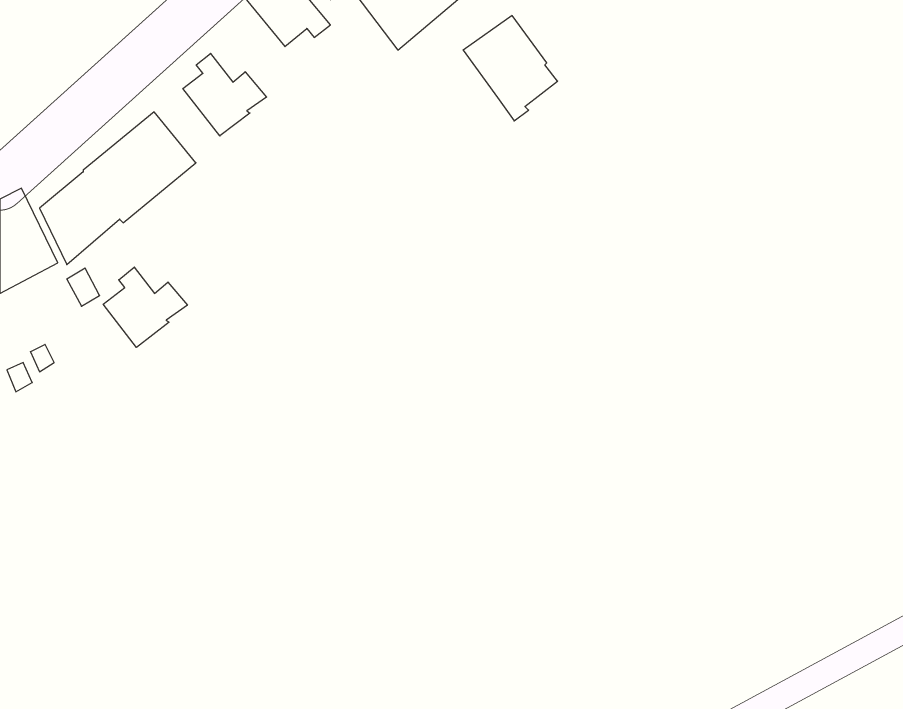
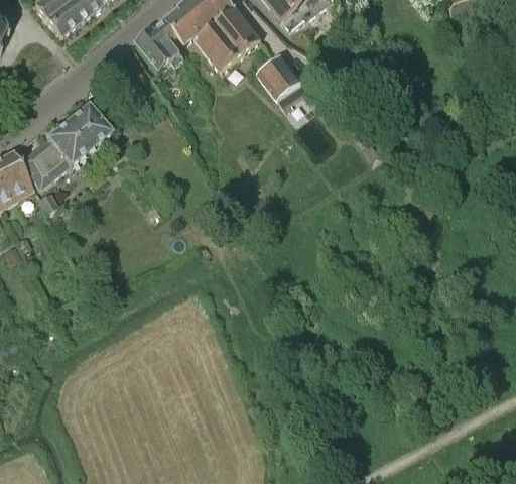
building: [183,53,267,136] -> none
building: [103,267,187,347] -> none

